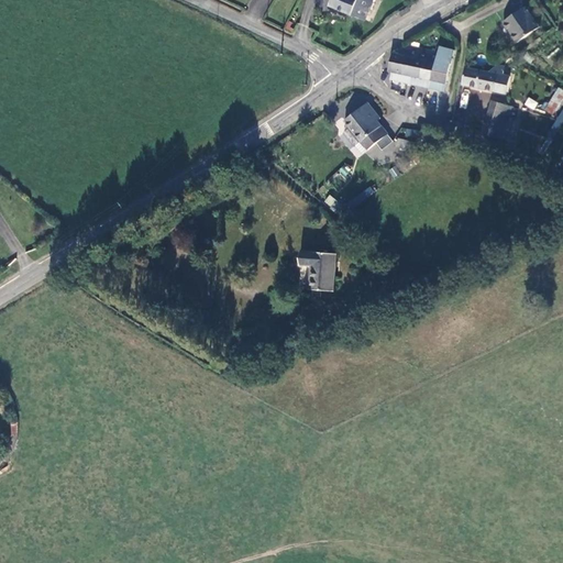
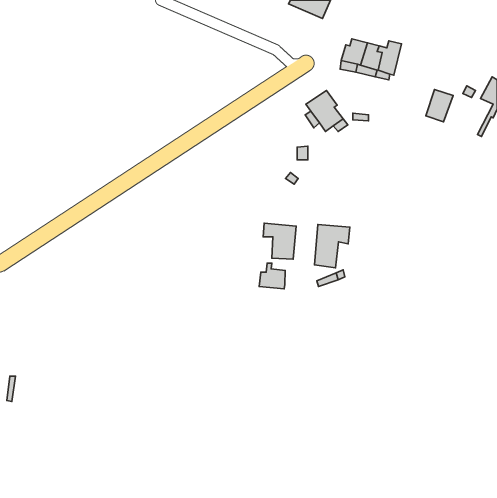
building: [501,11,540,46] -> none
building: [457,65,509,93] -> none
building: none -> [314,224,350,268]
building: none -> [259,263,285,289]

